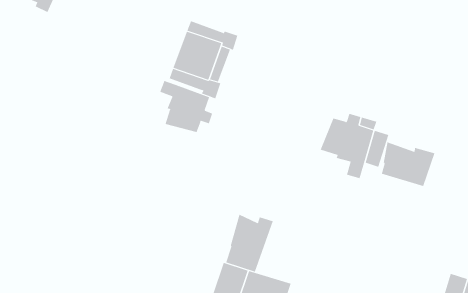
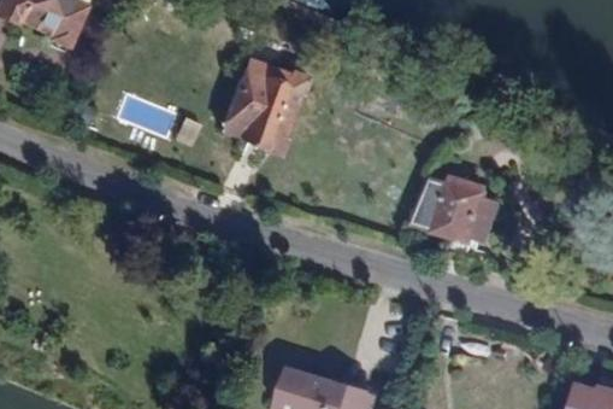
building: [159,80,213,133] -> none
building: [381,142,435,187] -> none
building: [226,214,273,272] -> none

